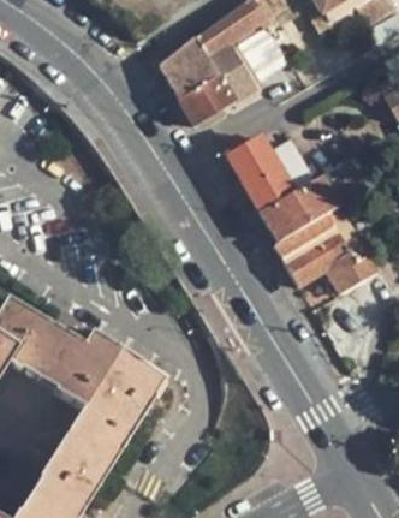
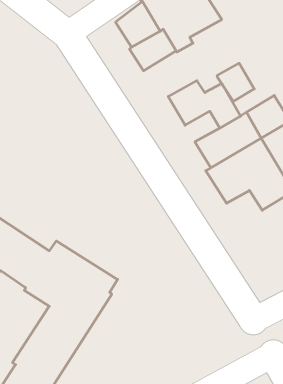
building: none -> [217,63,254,102]

